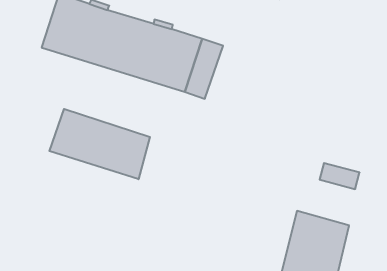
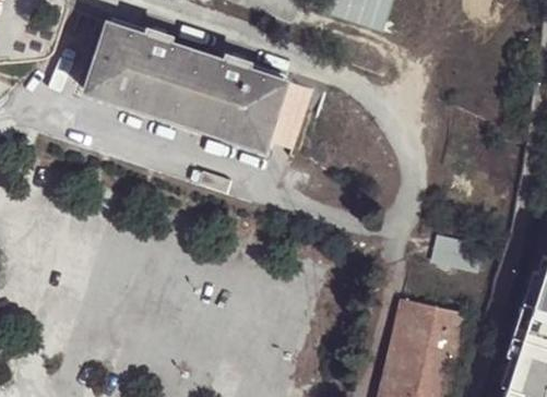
building: [49,109,150,179] -> none

